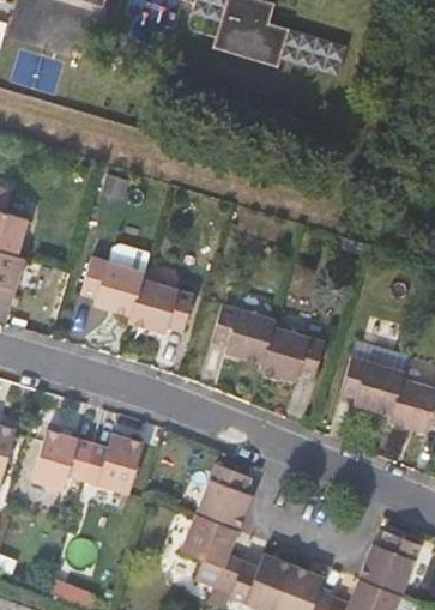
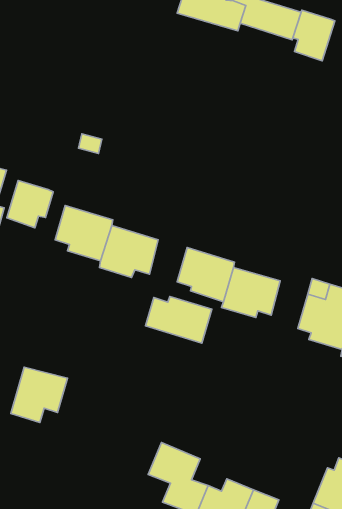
building: none -> [293,10,335,61]
building: none -> [7,180,53,228]
building: none -> [146,297,212,343]
building: [83,433,144,493] -> none
building: [195,461,253,531] -> none

